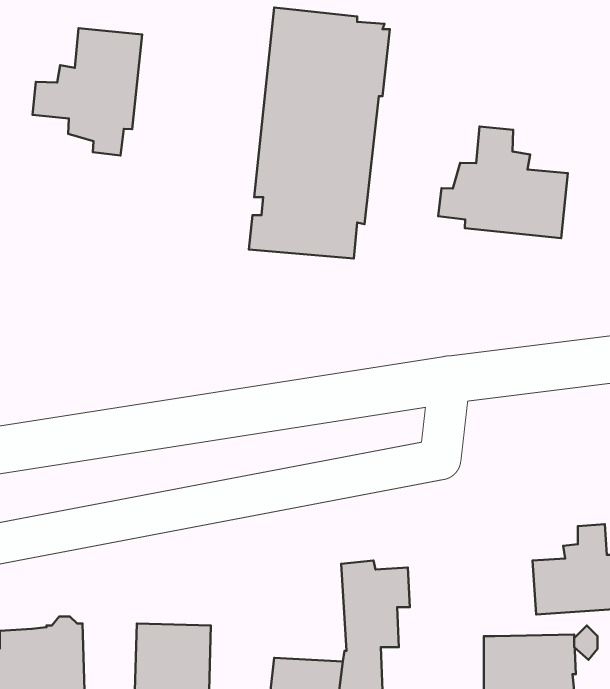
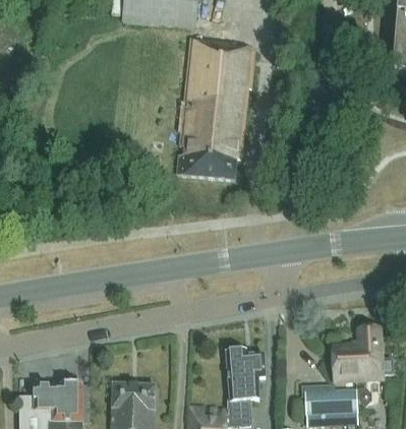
building: [33,28,142,155] -> none
building: [438,126,568,238] -> none

